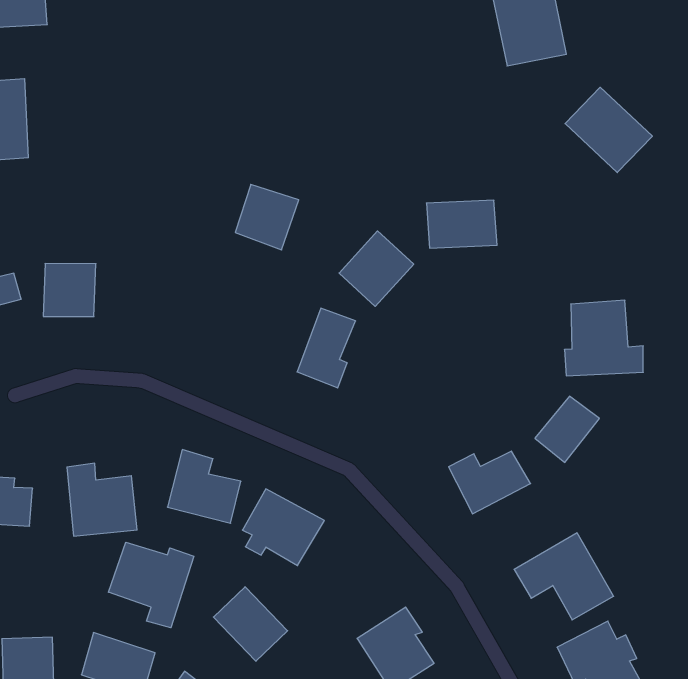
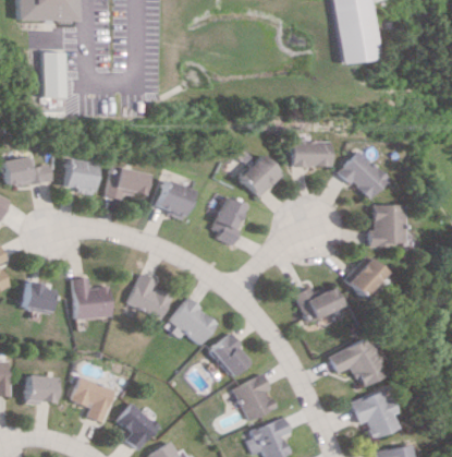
building: [565,87,652,173] -> [337,151,387,201]
building: [235,184,299,250] -> [155,180,193,219]
building: none -> [106,166,149,200]
building: [108,542,194,628] -> none
building: [213,587,288,661] -> [210,334,253,377]

